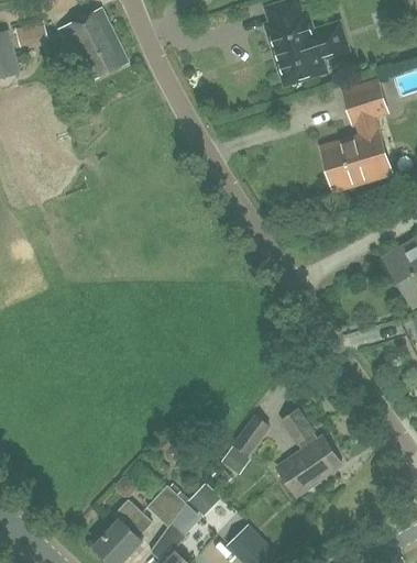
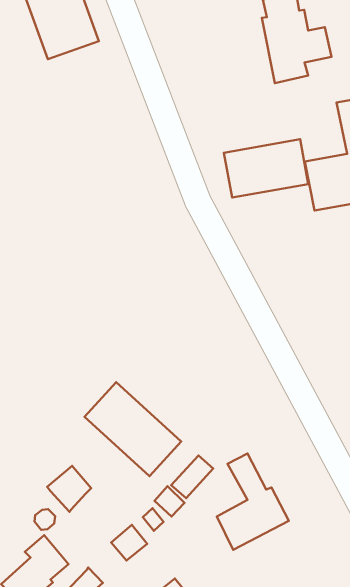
building: none -> [224,139,308,198]
building: none -> [84,382,181,476]
building: [146,487,185,528] -> [47,466,91,512]

